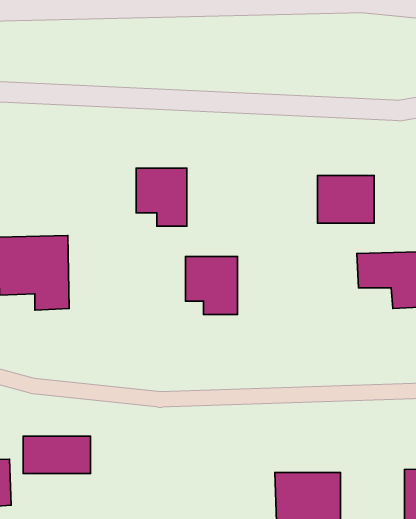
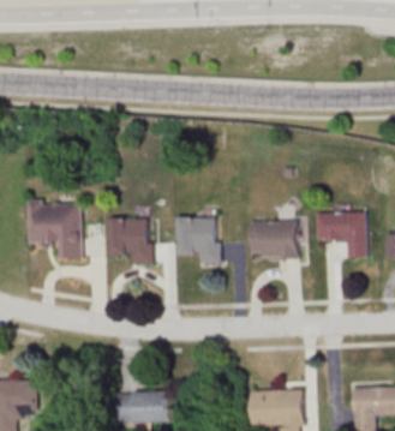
building: [136,168,187,226] -> [109,217,150,264]
building: [318,175,374,223] -> [251,221,297,259]
building: [23,436,90,473] -> [118,393,172,423]

